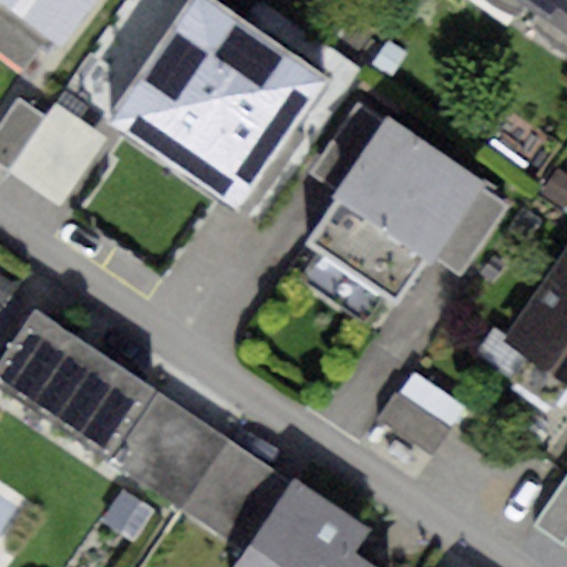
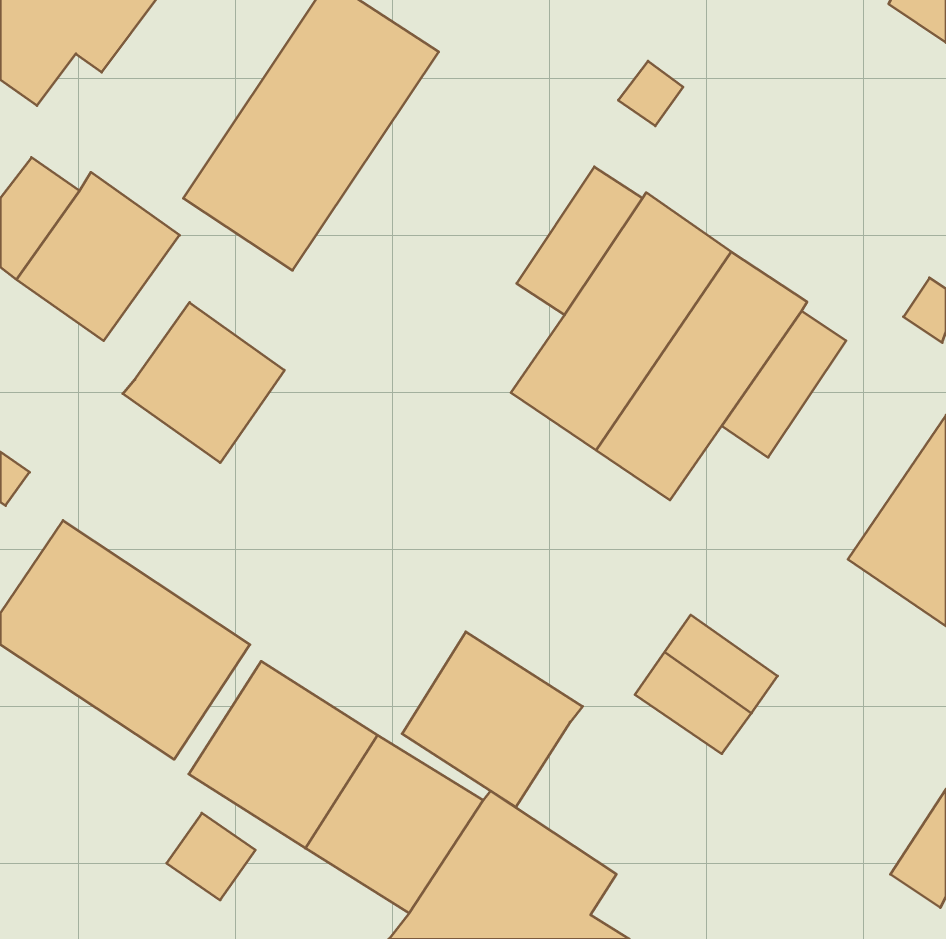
building: [175,31,328,205] -> none
building: none -> [123,302,284,463]
building: none -> [402,632,583,807]

